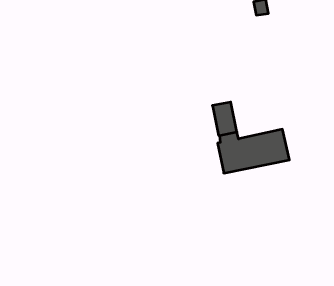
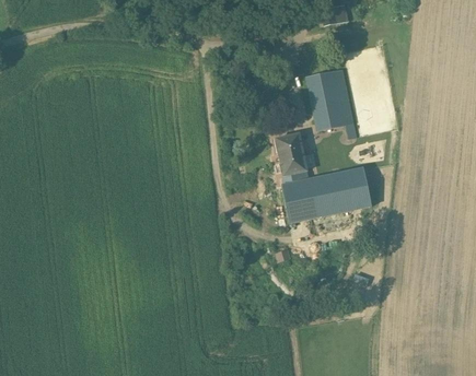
building: none -> [306,69,348,128]

